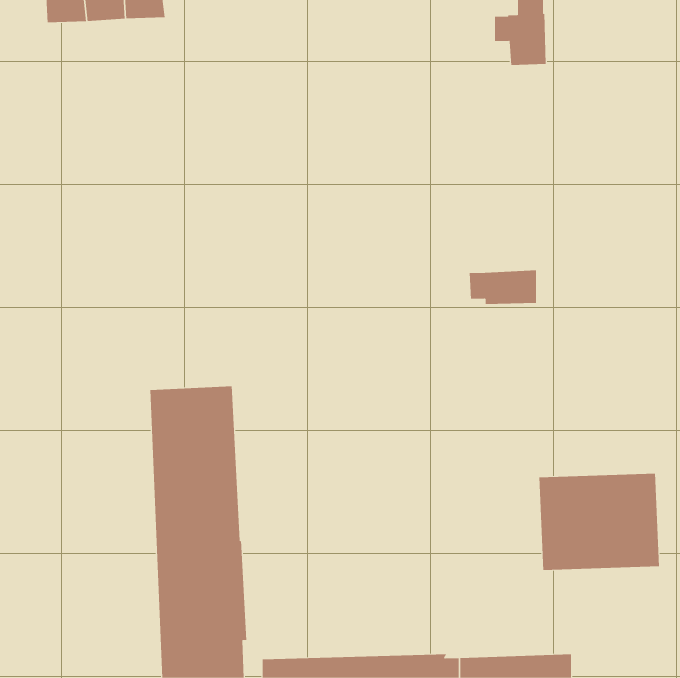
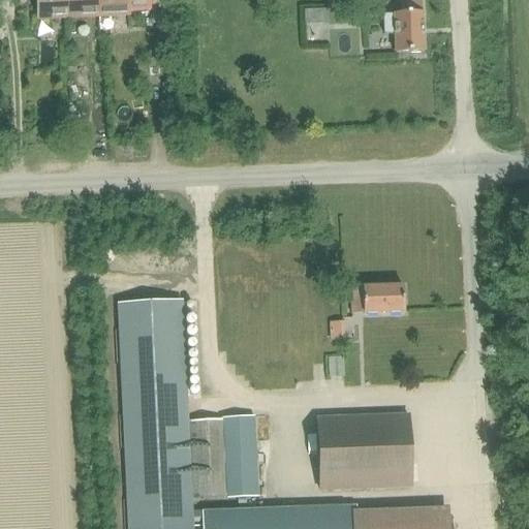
building: [469,270,537,304] -> [351,284,404,311]
building: [538,473,660,571] -> [317,413,411,489]
building: none -> [189,415,259,496]

